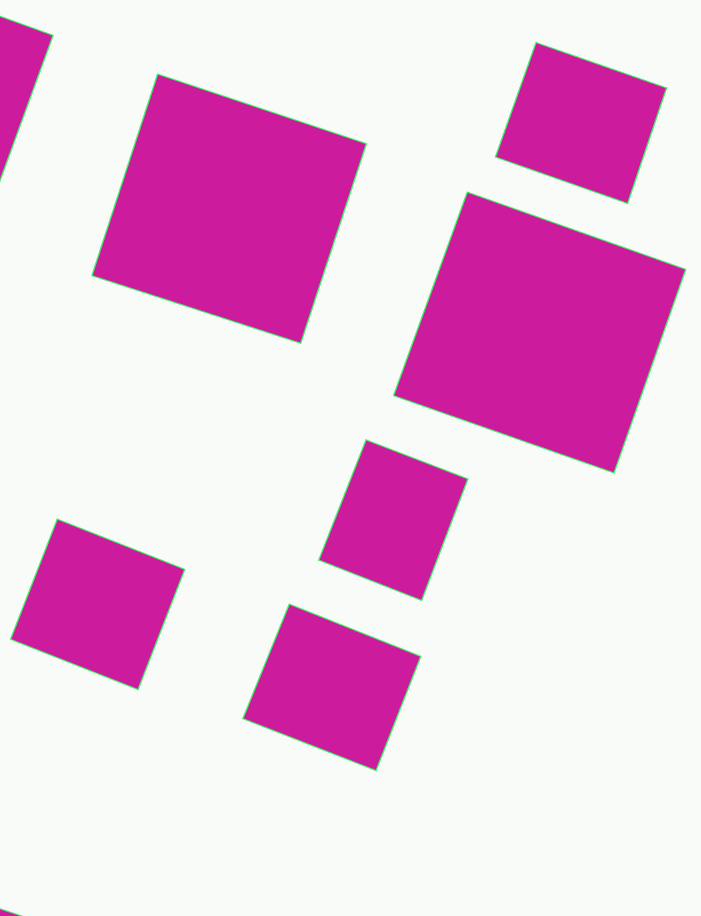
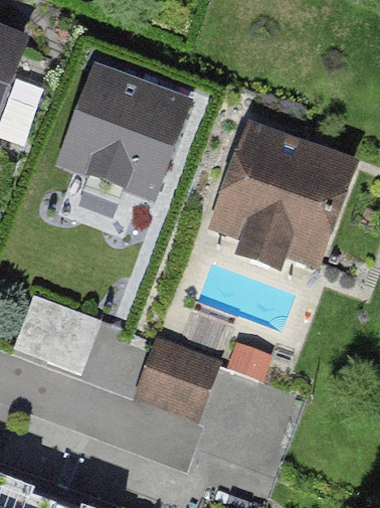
building: [496,42,667,204] -> none
building: [319,440,468,600] -> none

